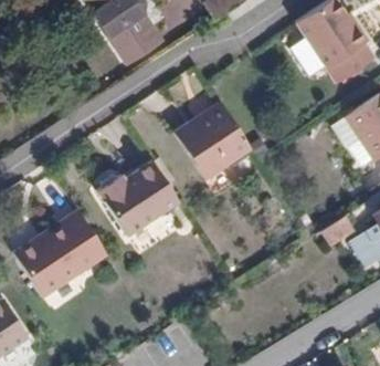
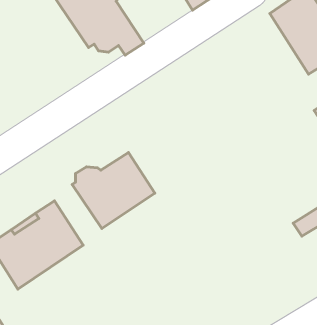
building: [171,102,251,178] -> none

